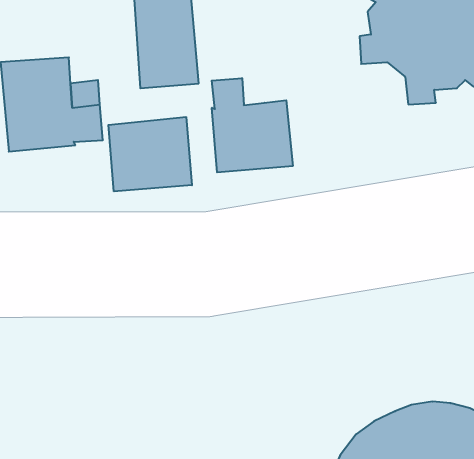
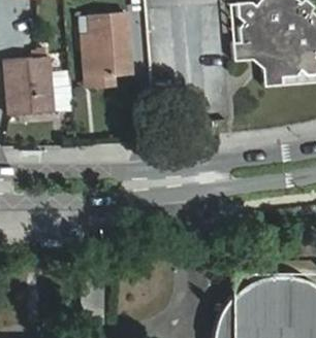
building: [212,78,293,172] -> none
building: [108,117,192,191] -> none

